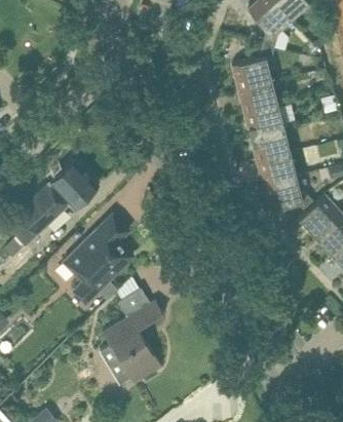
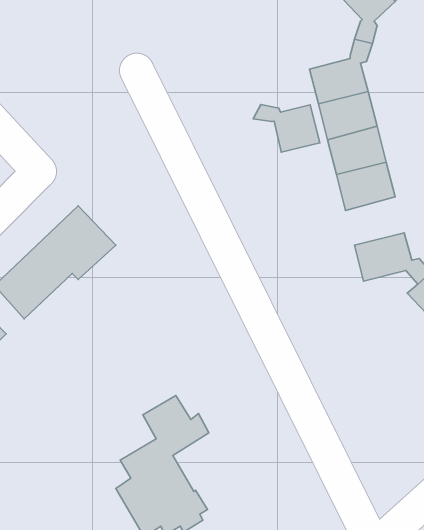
building: none -> [253,105,320,152]
building: [256,153,296,186] -> none
building: [63,215,134,304] -> none

